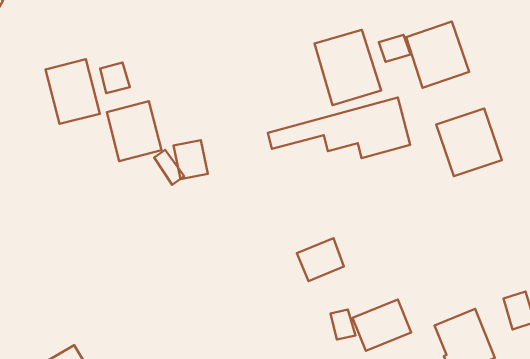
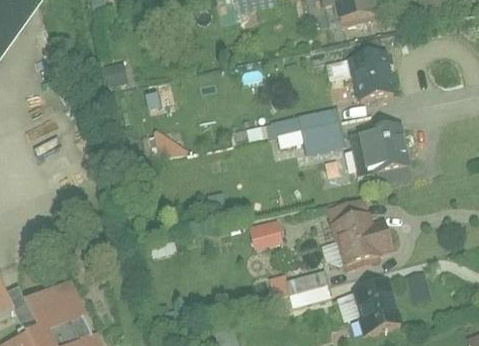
building: [315,30,381,105] -> none
building: [45,59,100,124] -> none
building: [107,101,161,161] -> none
building: none -> [323,200,389,269]

